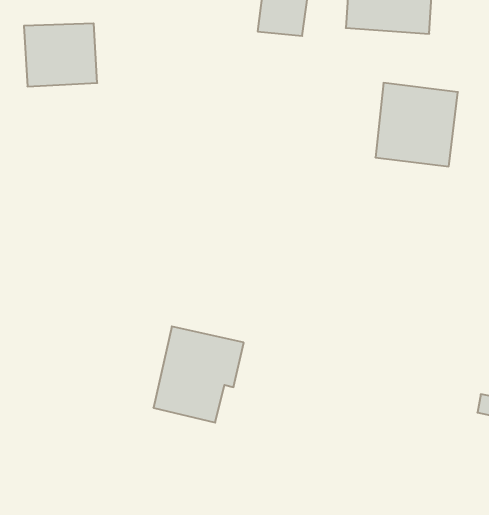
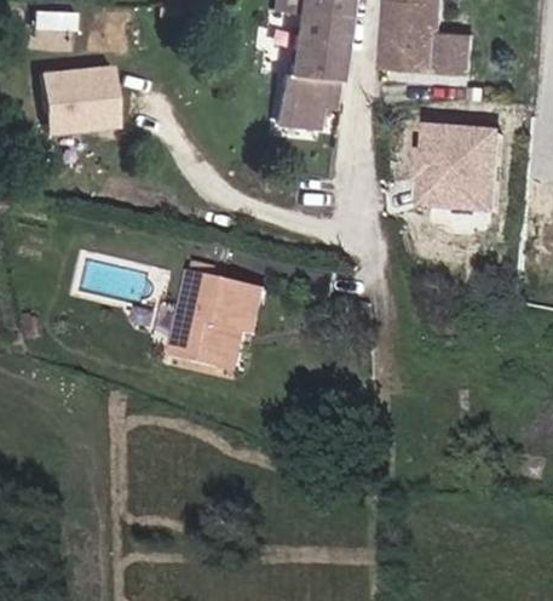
building: none -> [275,71,335,126]
building: [153,326,244,423] -> [172,271,267,373]

